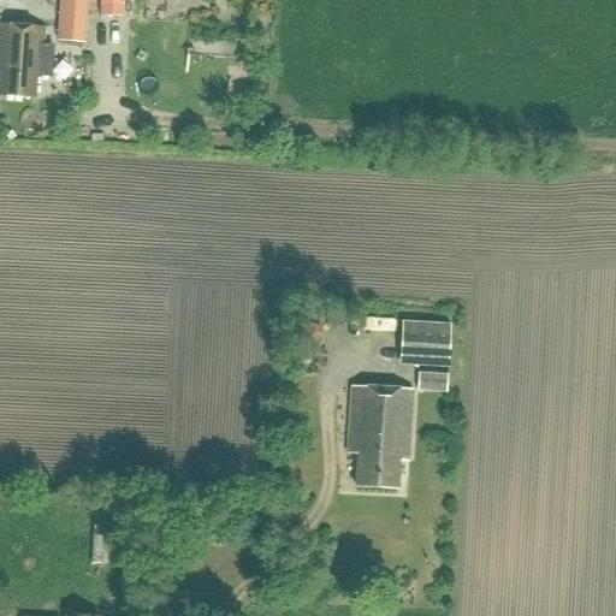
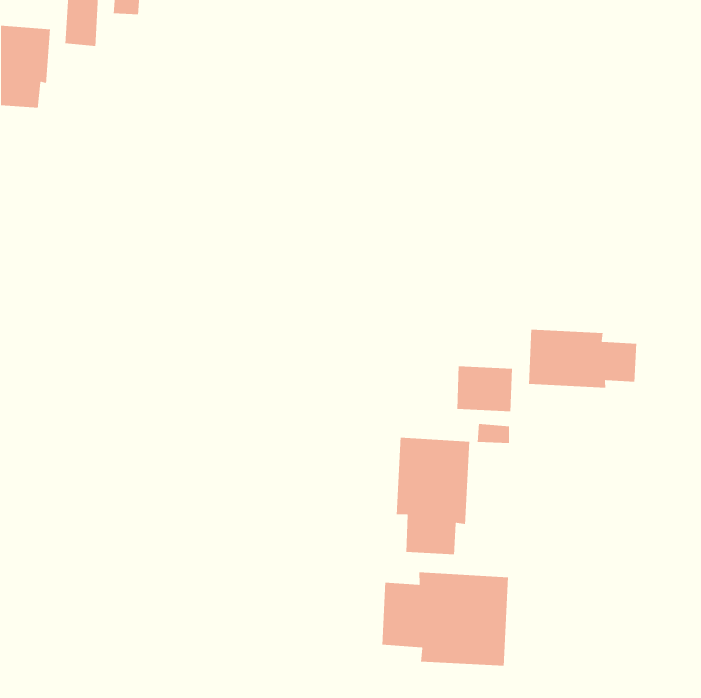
building: none -> [528,329,637,389]
building: none -> [381,572,509,667]

